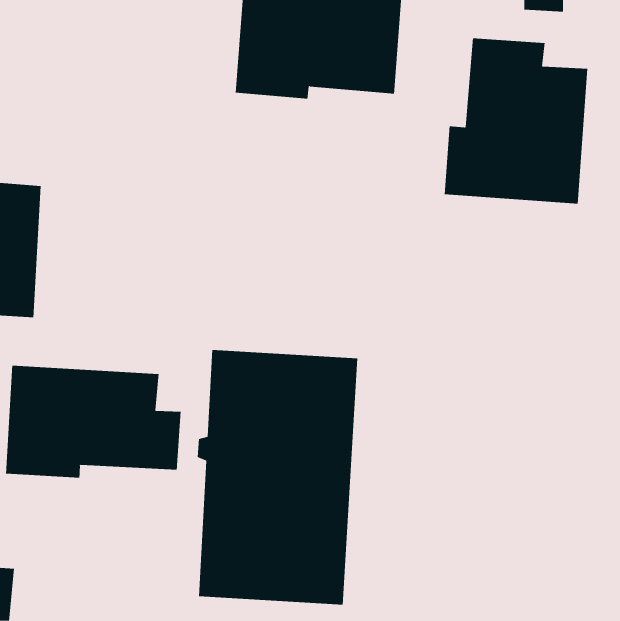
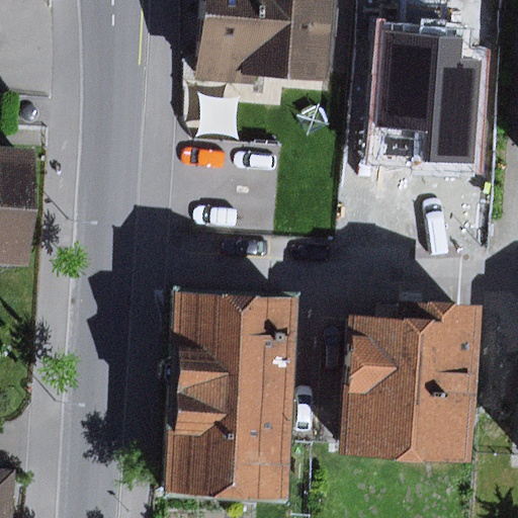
building: none -> [337,300,483,466]
building: [6,365,181,479] -> none

